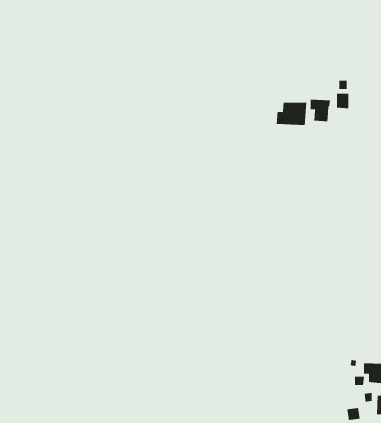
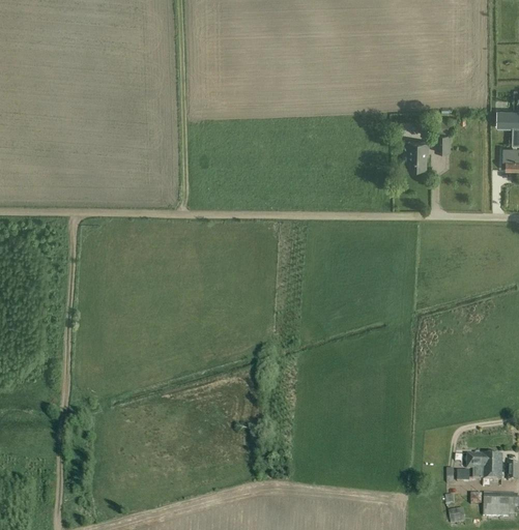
building: [276,102,307,126] -> none

